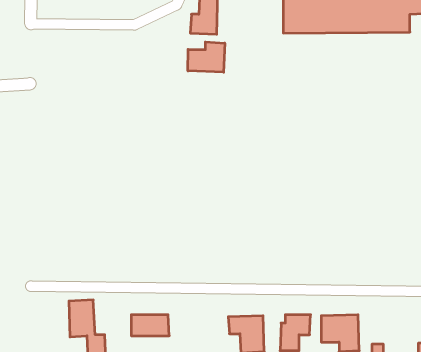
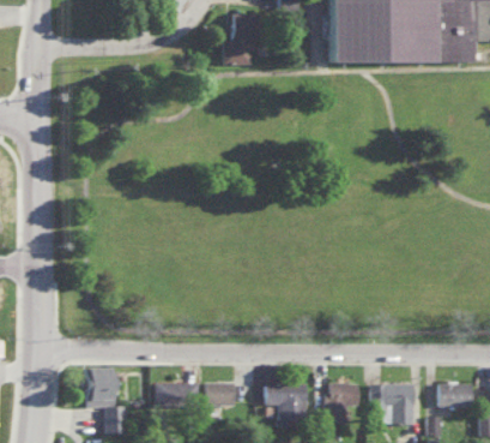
building: [188,42,225,72] -> none
building: none -> [207,382,235,406]
building: none -> [438,384,472,407]

